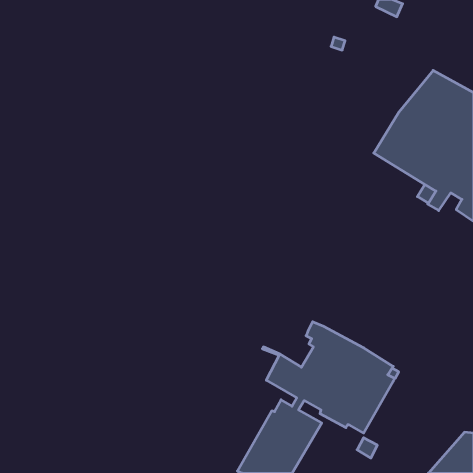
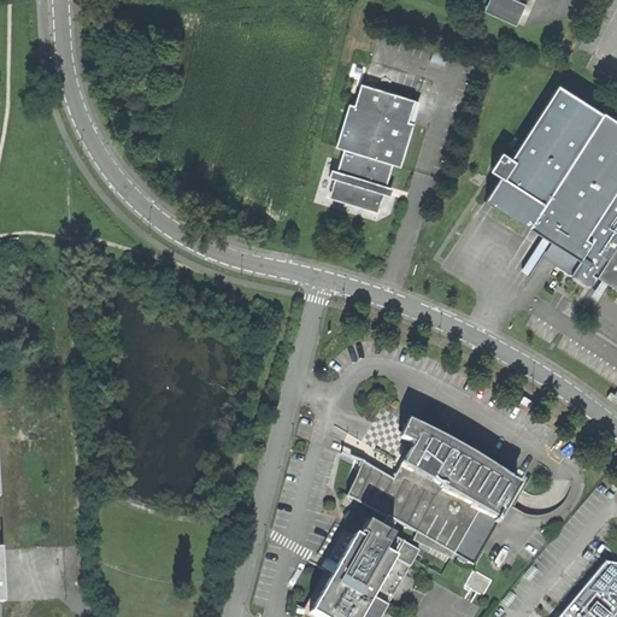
building: none -> [331,83,416,206]

